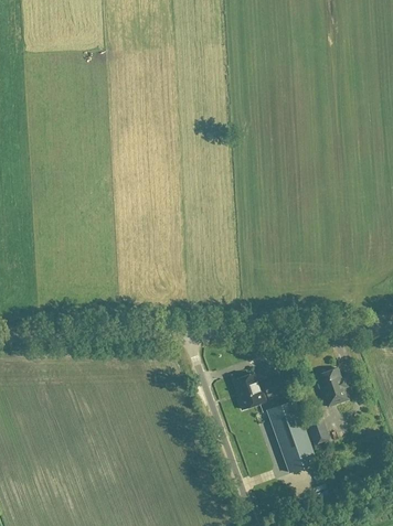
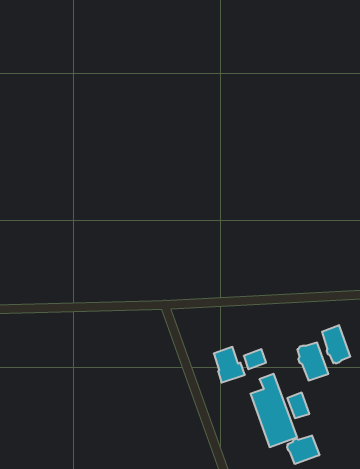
building: none -> [322,325,350,364]
building: none -> [287,435,319,464]

